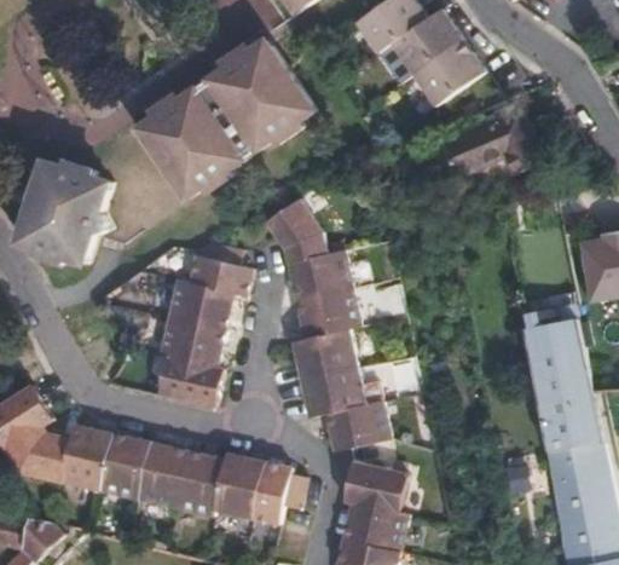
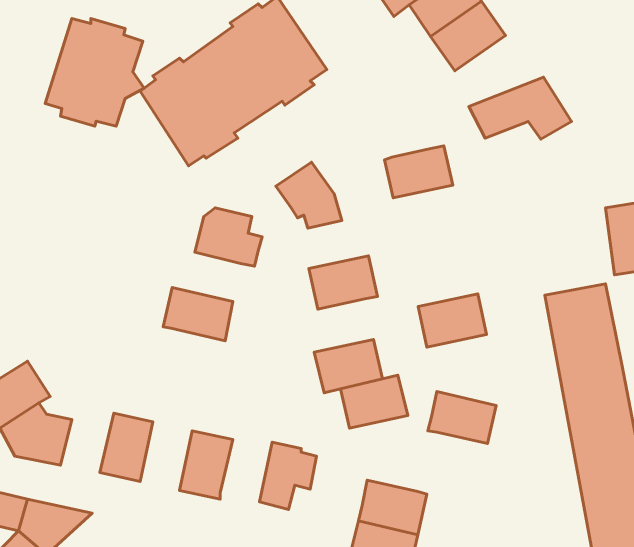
building: [17,160,111,263] -> [45,19,144,126]
building: [288,247,353,296] -> [384,146,453,198]
building: [166,278,231,328] -> none
building: [293,325,358,376] -> [418,294,487,347]
building: [155,353,222,405] -> none
building: [59,427,110,491] -> none
building: [135,443,185,508] -> none
building: [212,454,261,519] -> none
building: [343,460,409,509] -> [428,392,496,443]

